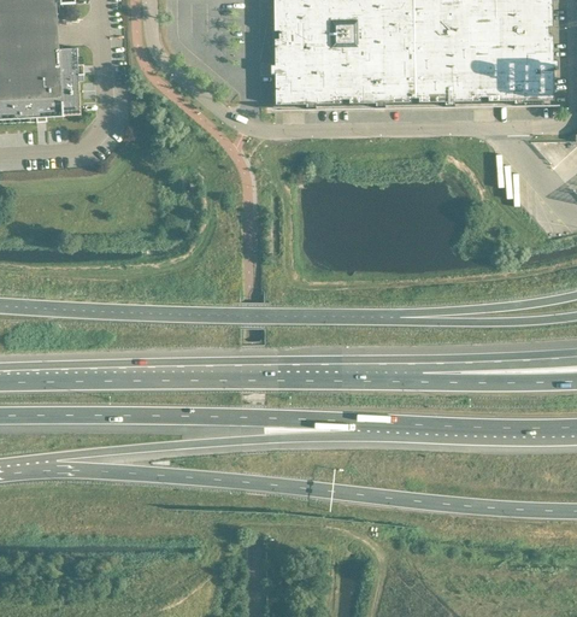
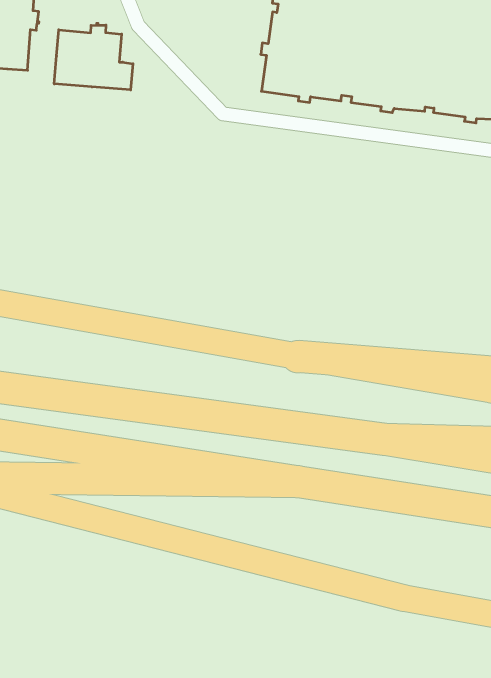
building: none -> [54,23,133,90]

